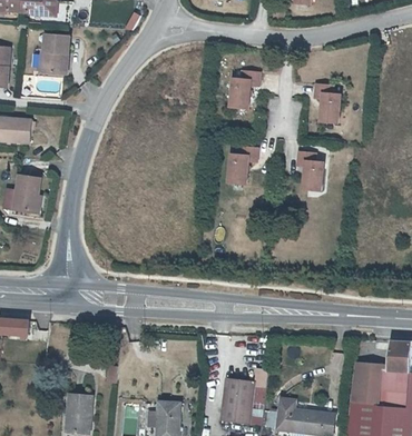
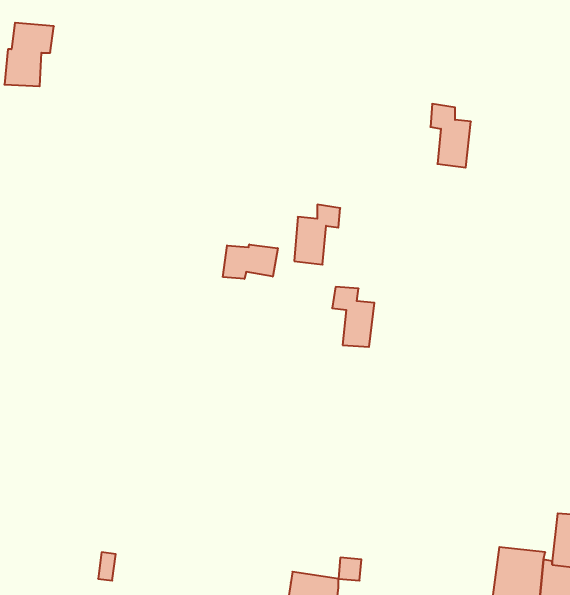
building: [228,70,259,108] -> none
building: [295,152,322,190] -> [332,287,374,347]
building: none -> [223,244,278,279]

